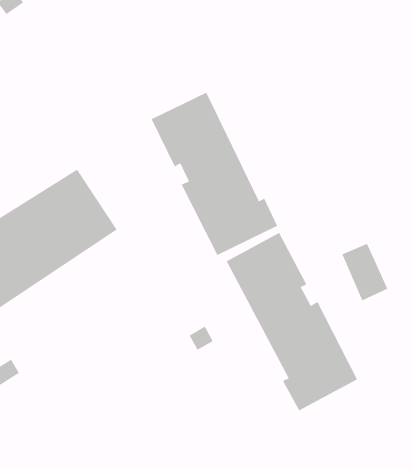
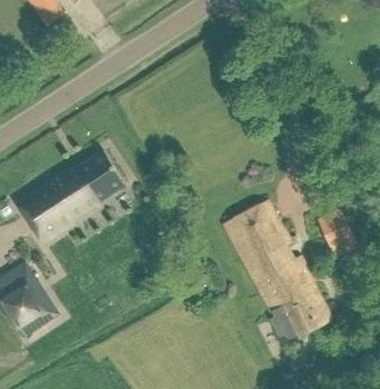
building: [151,92,278,256] -> none

